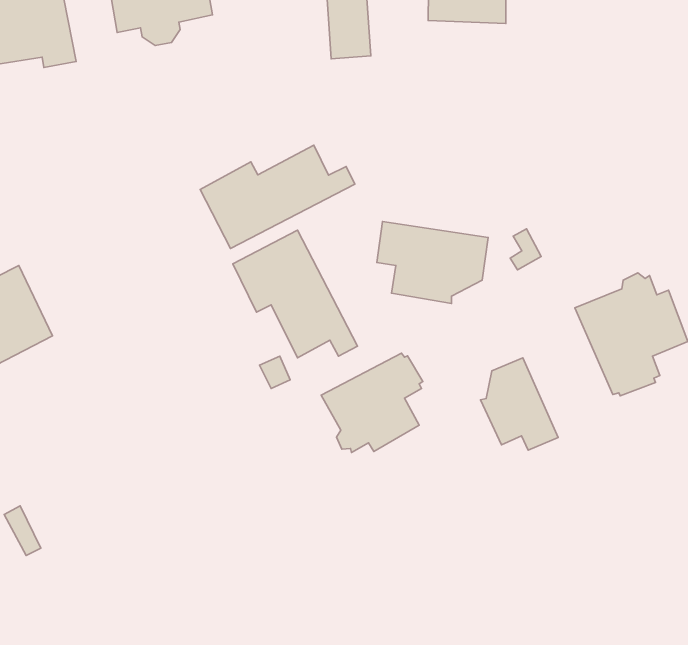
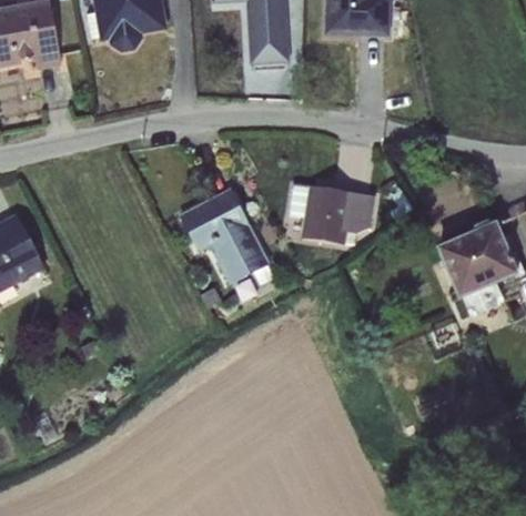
building: [200,145,355,249] -> none
building: [321,353,423,453] -> none
building: [481,358,558,450] -> none

